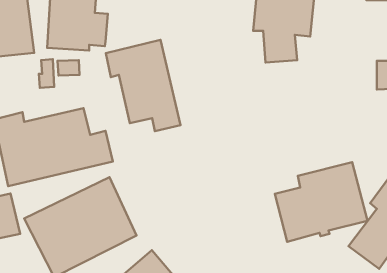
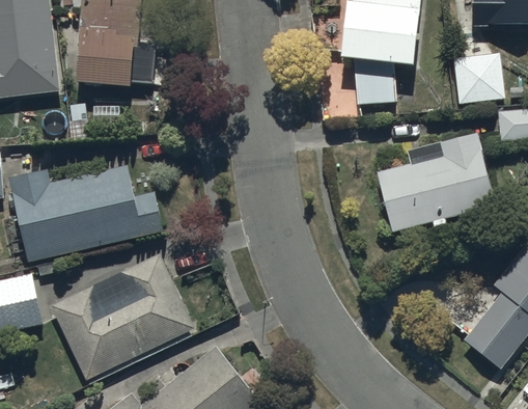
building: none -> [453,53,505,103]
building: [106,40,180,131] -> none
building: [275,162,368,242] -> [377,132,495,234]

